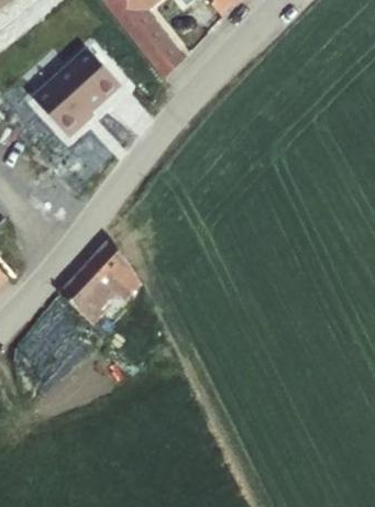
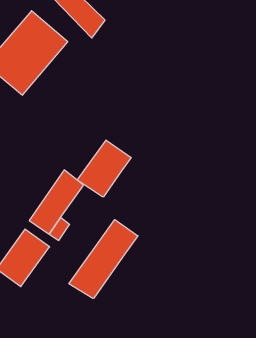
building: none -> [77,140,131,197]
building: none -> [69,220,138,298]

